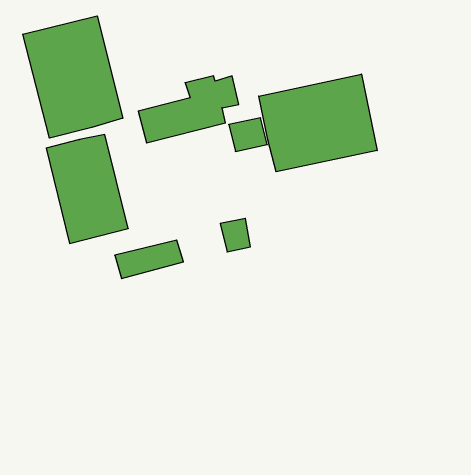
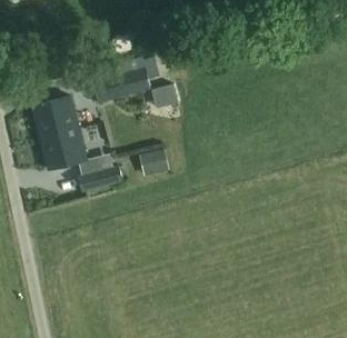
building: [23,16,123,138] -> none
building: [259,74,377,172] -> none

